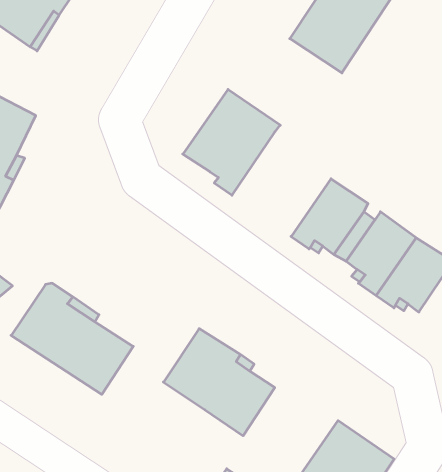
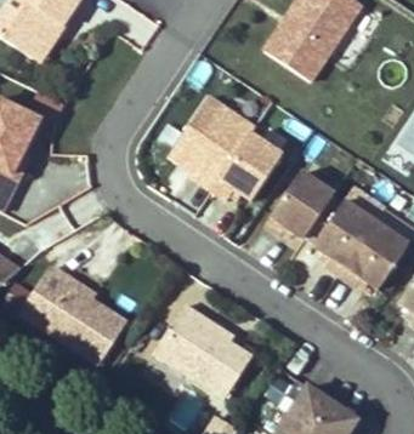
building: none -> [214,130,283,196]

